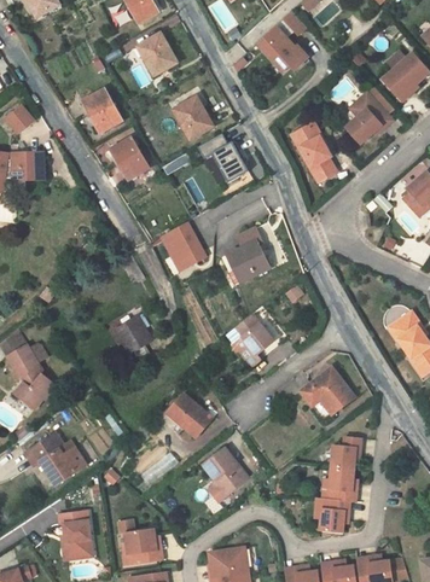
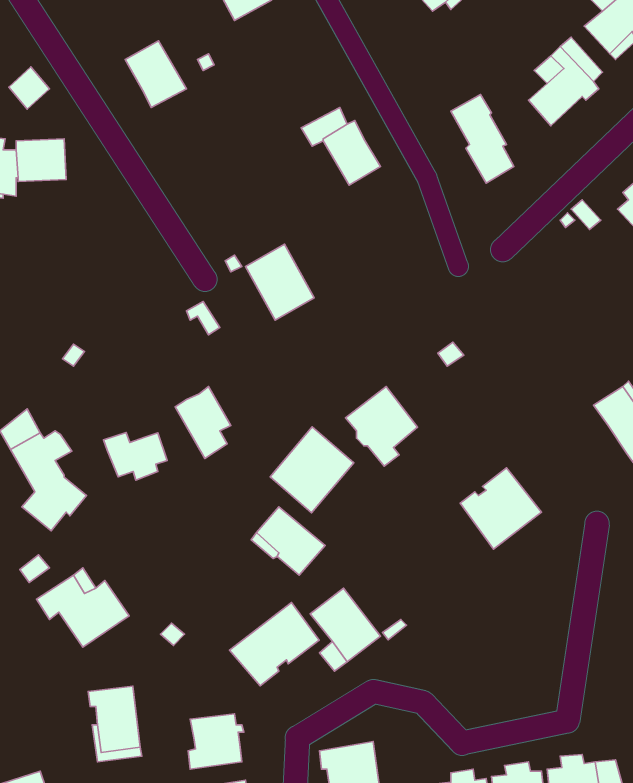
building: [173,95,213,139] -> none
building: [110,136,149,180] -> none
building: [222,227,269,284] -> none
building: none -> [270,427,354,513]
building: none -> [104,433,167,480]
building: [315,436,361,531] -> none
building: none -> [230,602,319,686]

